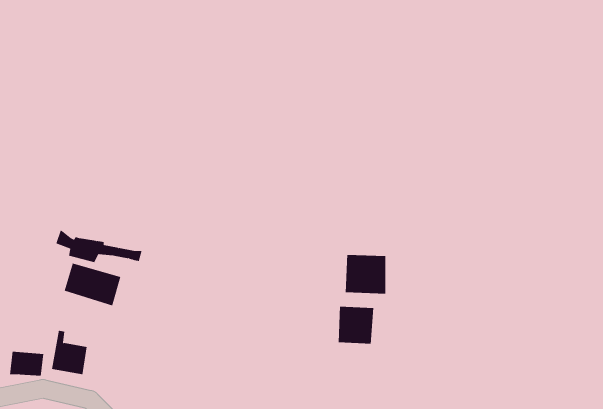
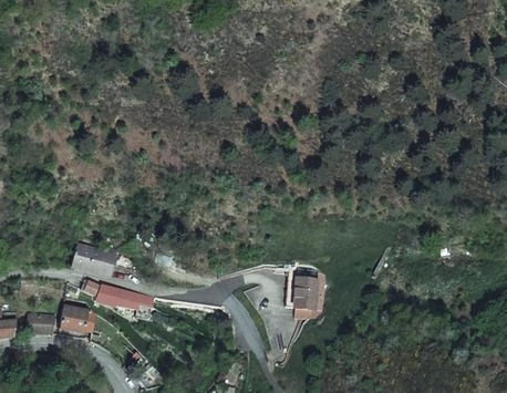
building: [56,229,142,263] -> [86,279,155,306]
building: [345,254,386,295] -> none

